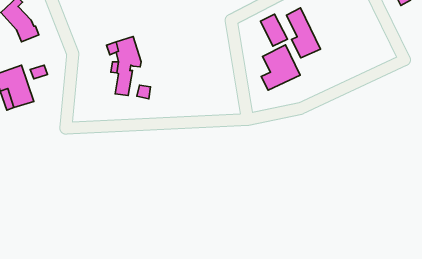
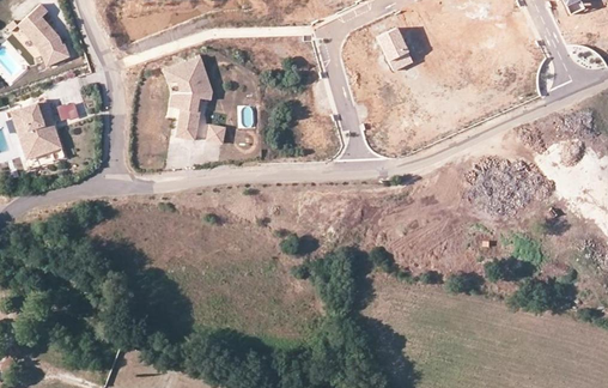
building: [287,8,320,58] -> none
building: [261,45,300,90] -> none

